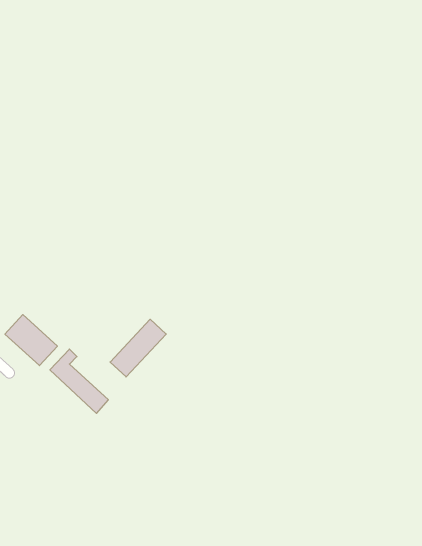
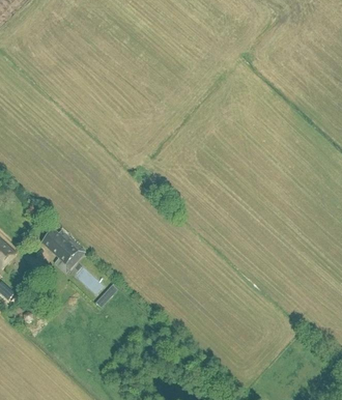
building: [110,319,166,377] -> none

